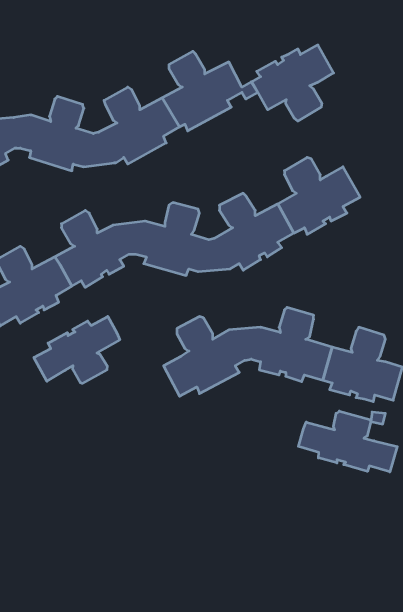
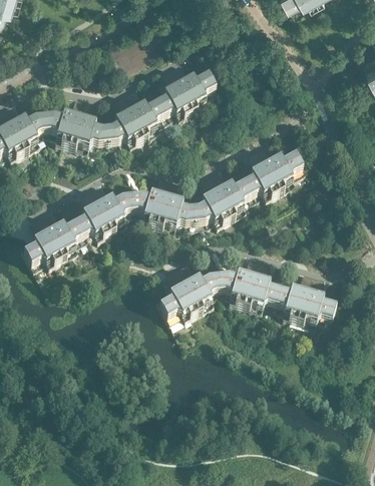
building: [252,45,334,121] -> none
building: [34,316,120,383] -> none
building: [298,411,397,472] -> none

